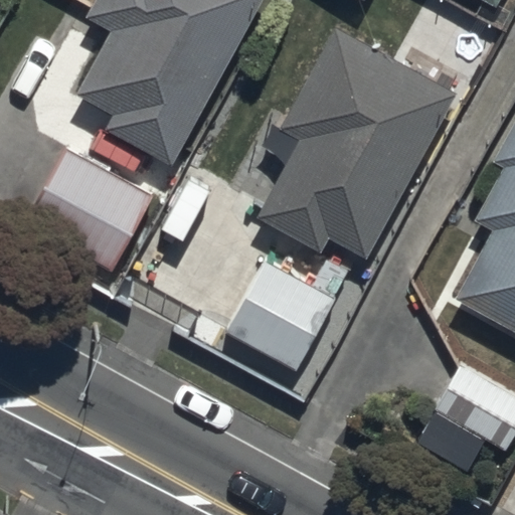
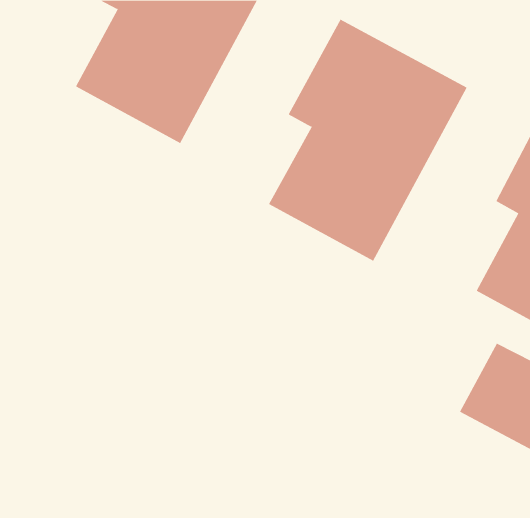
building: [35,160,143,265] -> none
building: [225,260,332,365] -> none

